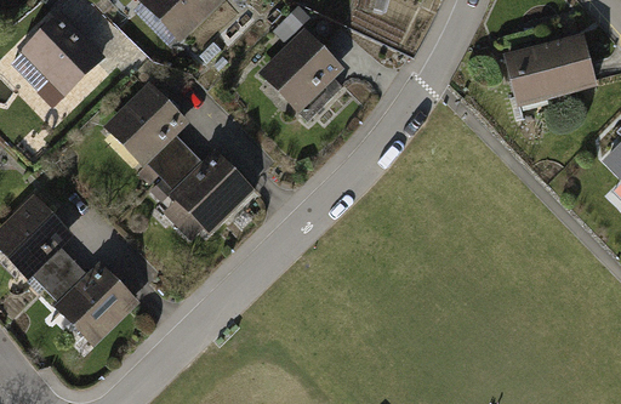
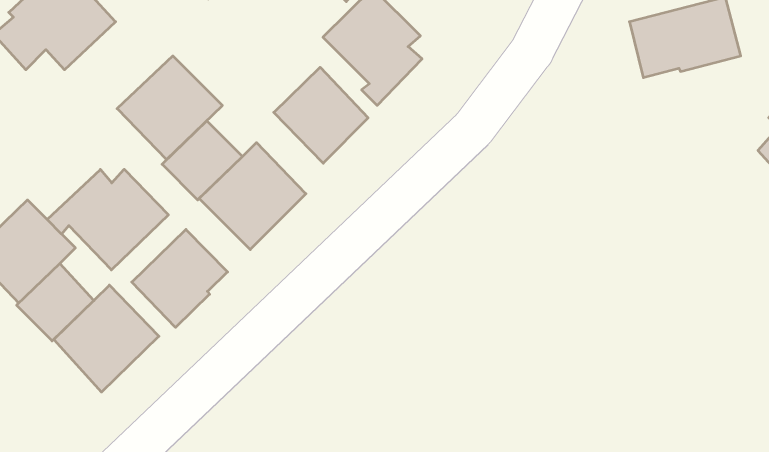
building: none -> [274,67,368,163]
building: none -> [47,169,168,270]
building: none -> [132,229,228,327]

